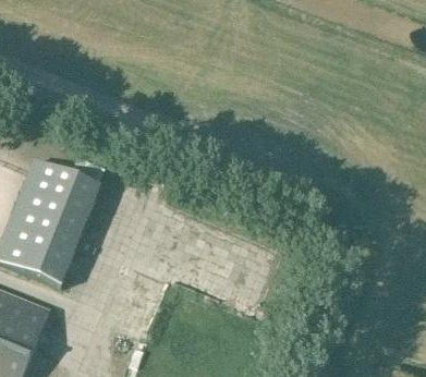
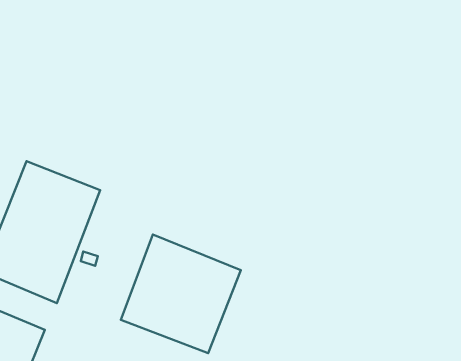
building: none -> [121,234,241,353]

